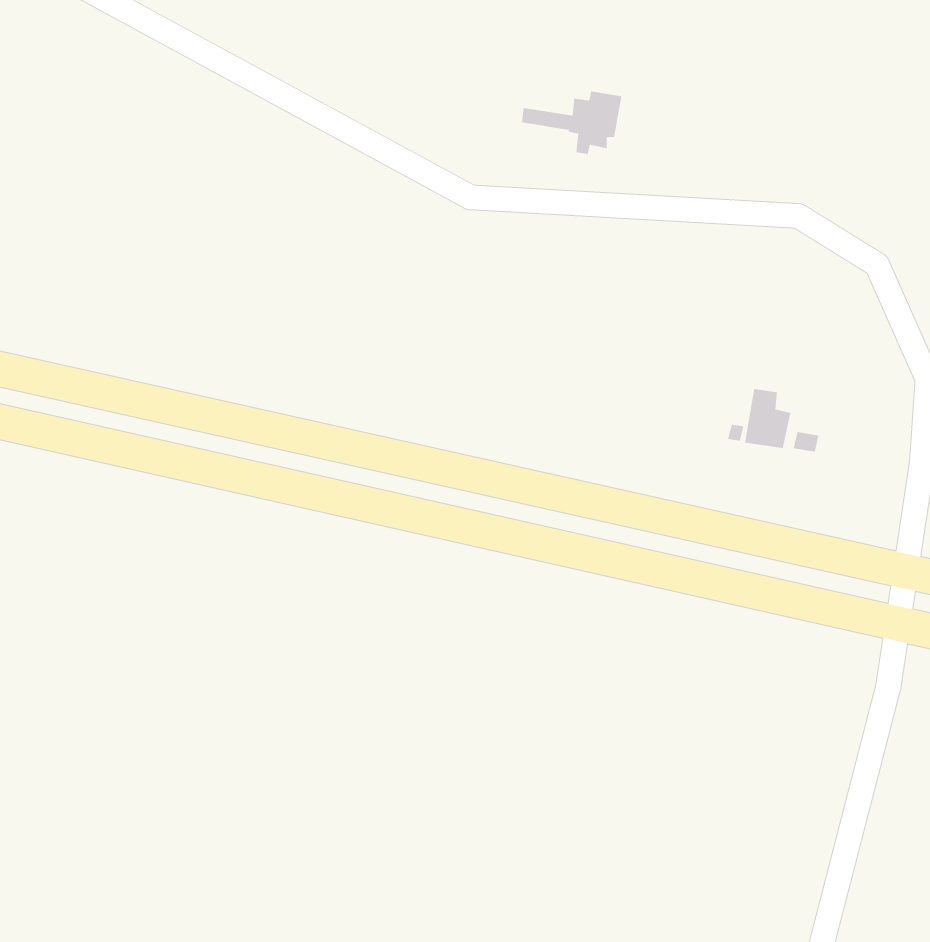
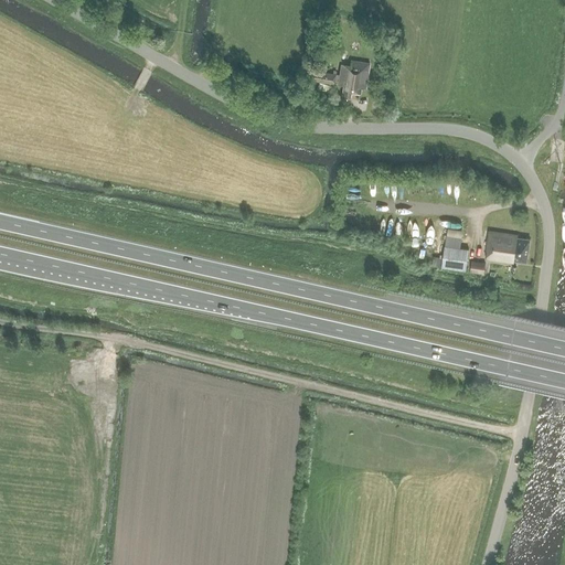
building: none -> [488,230,532,262]

